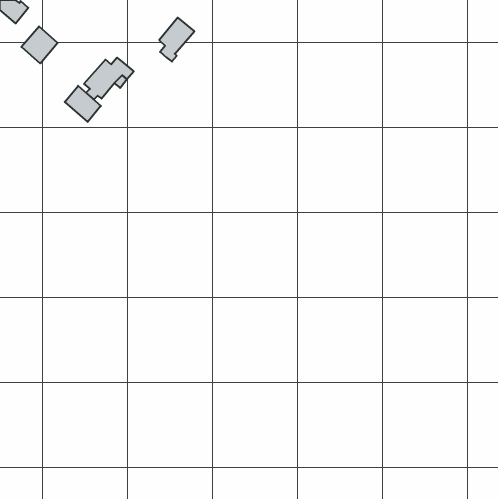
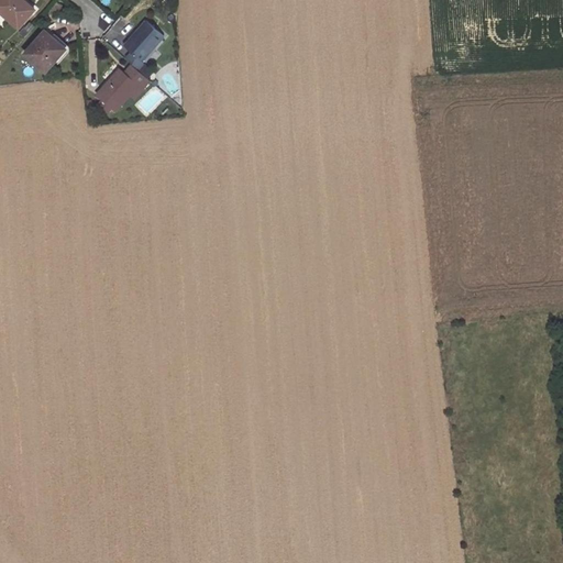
building: [159,18,194,62] -> [123,20,163,69]
building: [65,86,101,122] -> none

